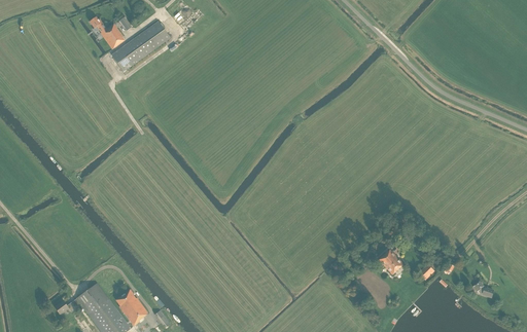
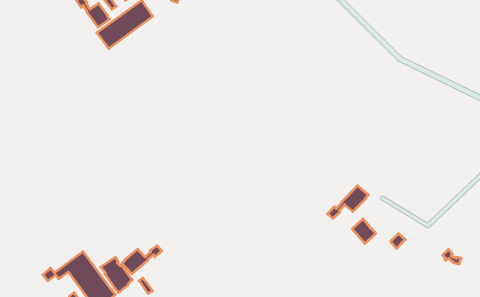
building: none -> [327,186,368,218]
building: none -> [122,246,162,274]

